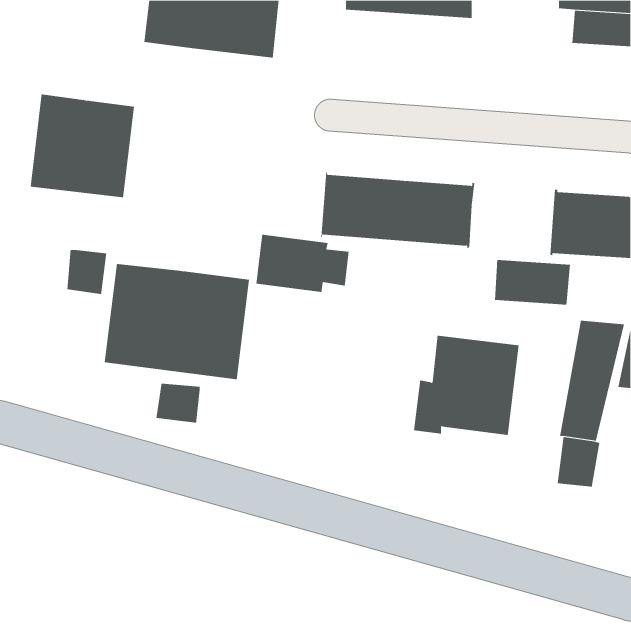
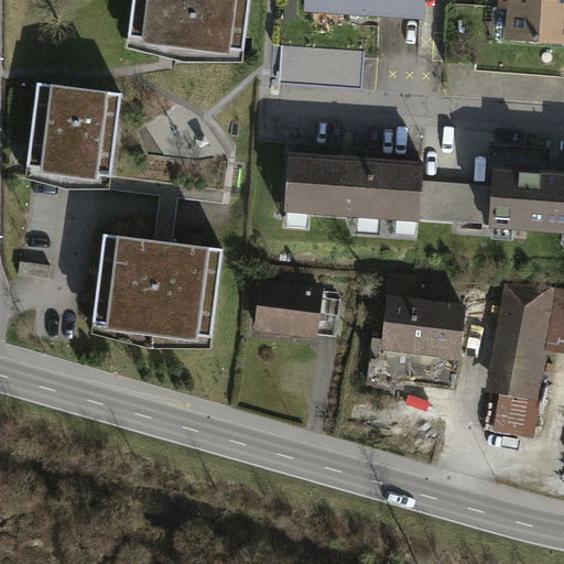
building: none -> [279,47,364,86]
building: [255,234,349,292] -> [256,283,339,335]
building: [67,249,107,295] -> none
building: [494,259,571,305] -> [419,183,487,224]
building: [156,383,200,424] -> none

